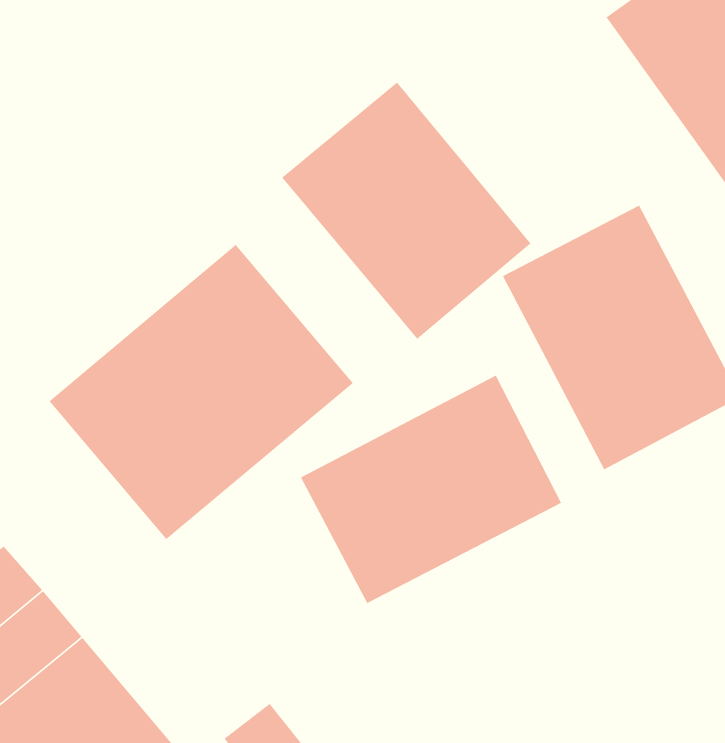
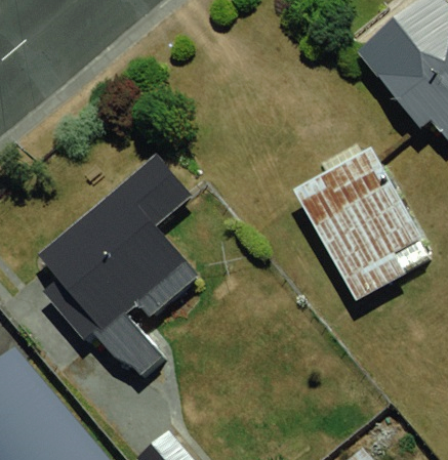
building: [281,82,532,340] -> none
building: [300,374,562,604] -> none

